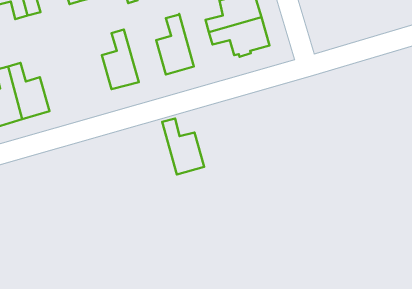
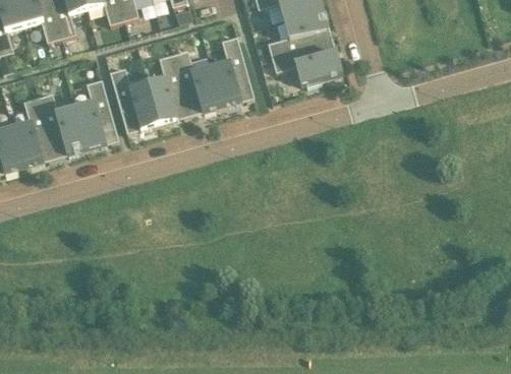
building: none -> [109,66,158,131]
building: none -> [74,78,118,147]
building: [162,118,204,175] -> [172,49,221,114]

